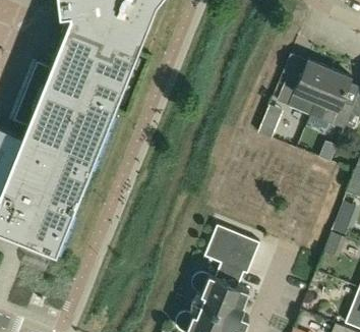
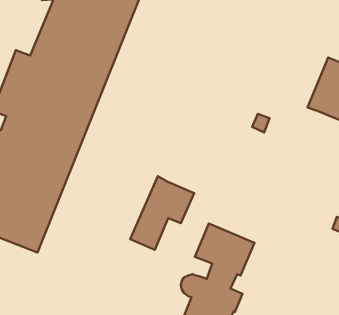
building: [277,60,328,116] -> none
building: none -> [130,176,194,250]

